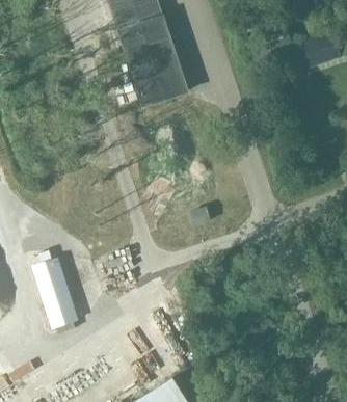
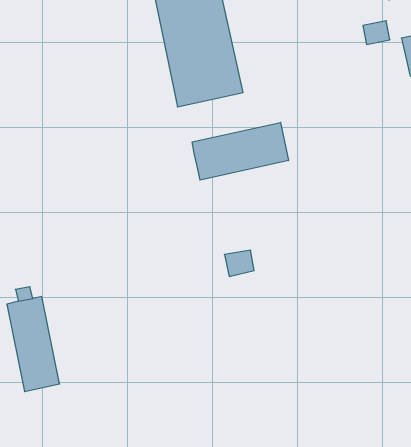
building: none -> [192,122,288,180]

